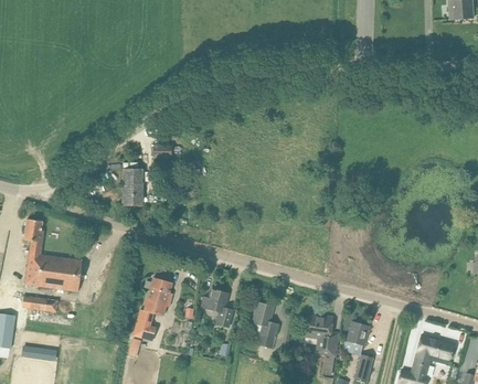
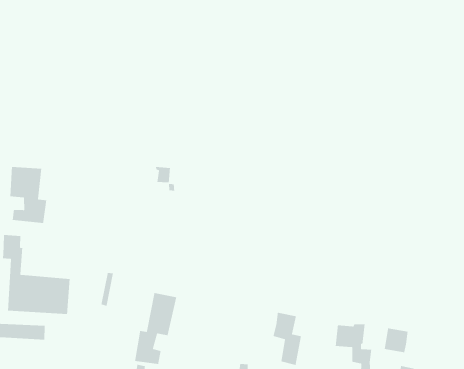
building: none -> [9,166,47,224]
building: [123,168,142,205] -> none
building: [201,289,233,327] -> none

